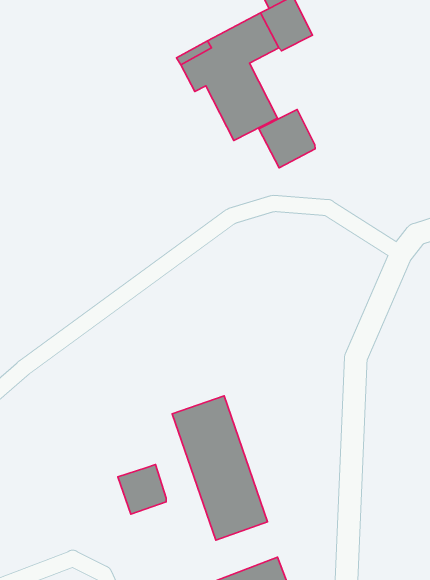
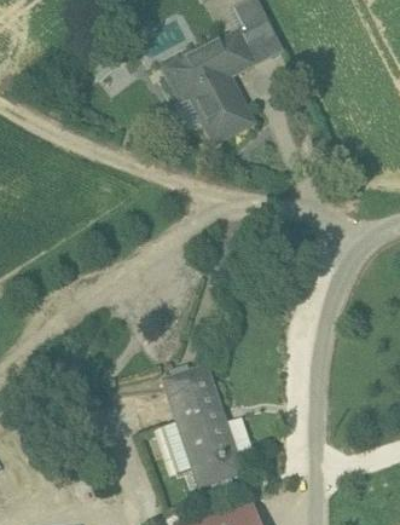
building: [259,109,315,168] -> none
building: [118,464,166,514] -> none

